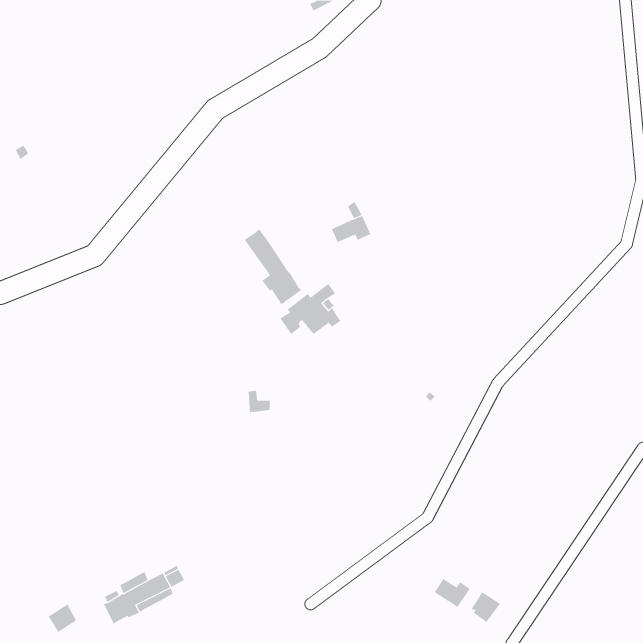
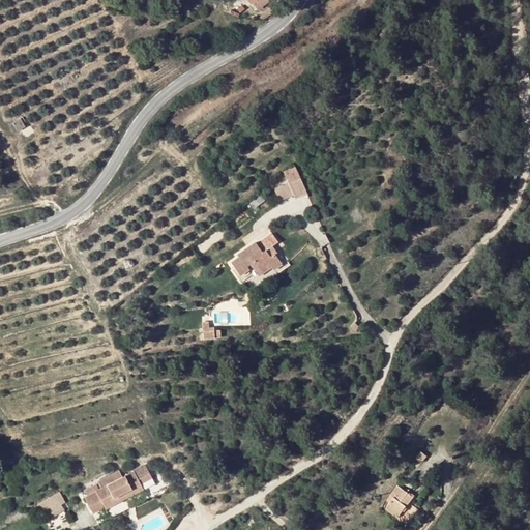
building: [244,228,302,305] -> none
building: [434,578,471,608] -> none

